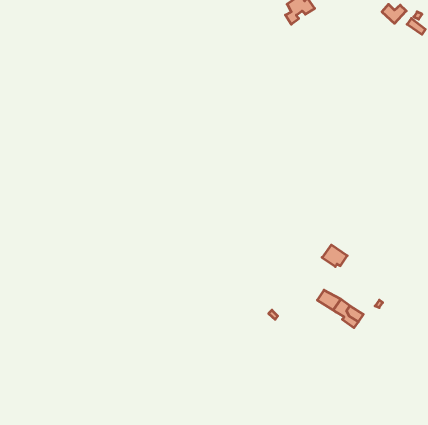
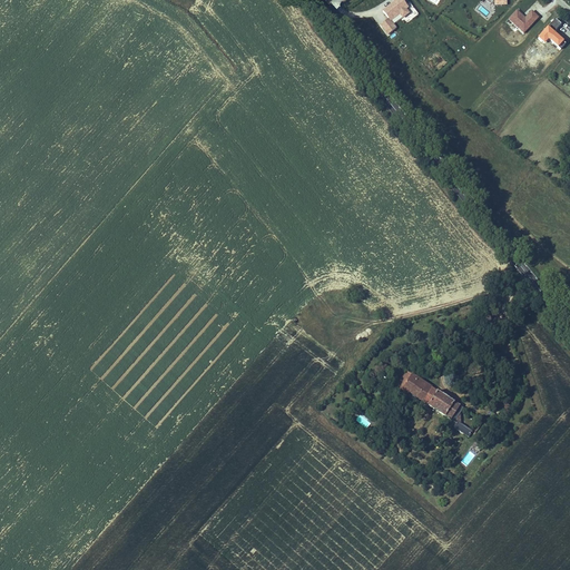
building: [322,245,347,267] -> [396,371,430,400]

